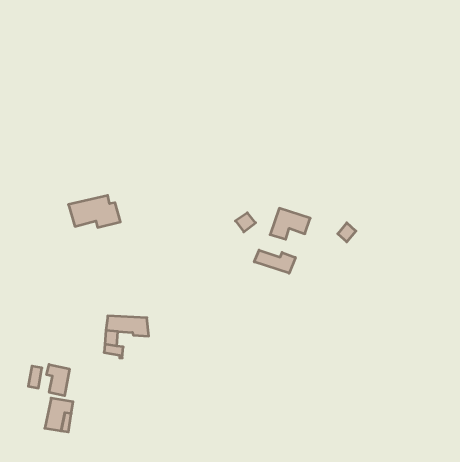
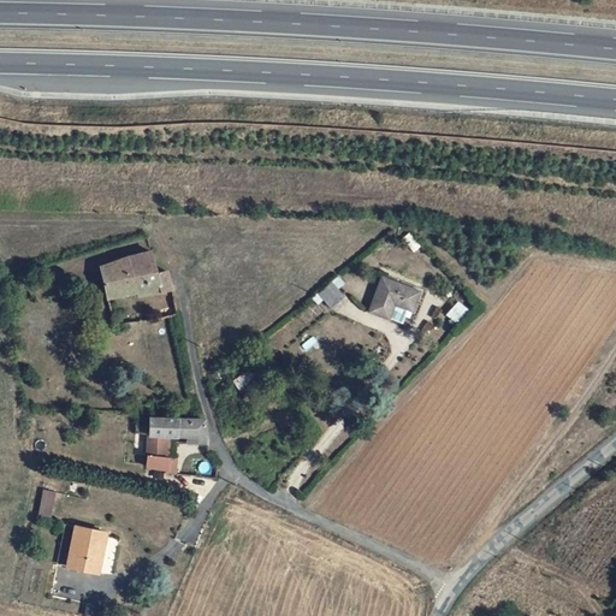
building: [254,250,295,273] -> none
building: [47,364,69,396] -> none

